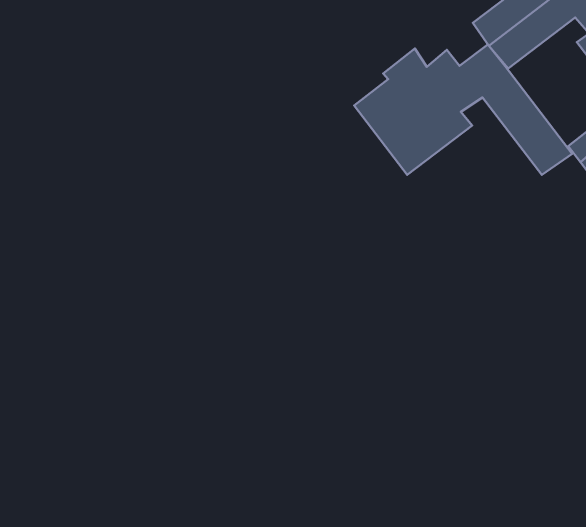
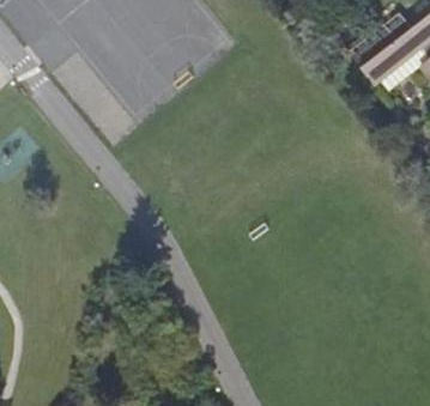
building: [354,44,572,175] -> none

